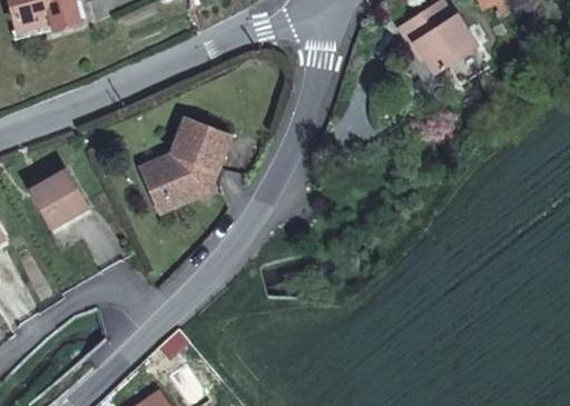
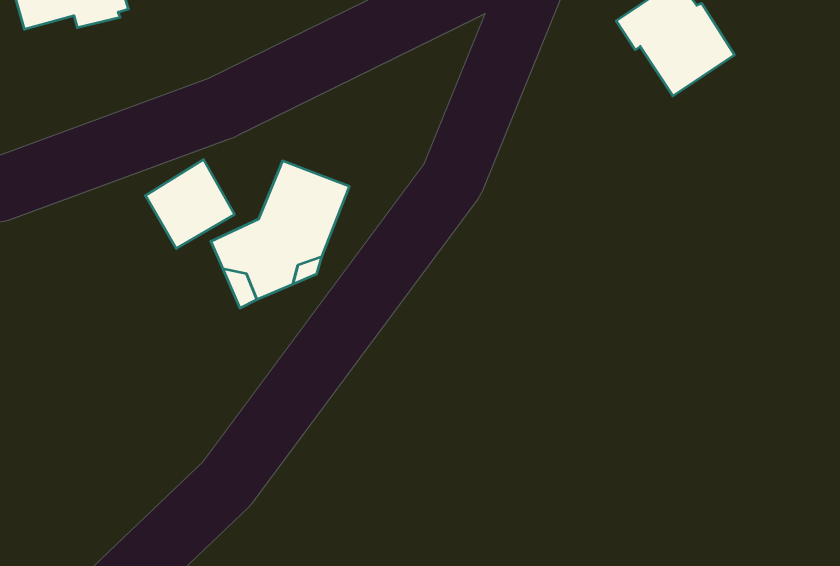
building: [28,171,86,229] -> [145,160,234,249]

